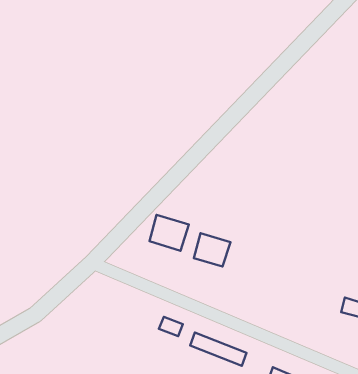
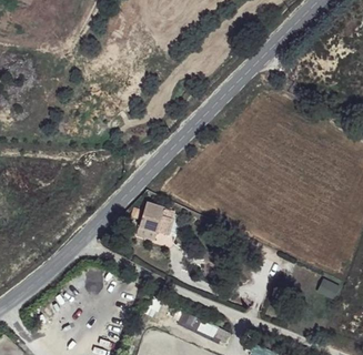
building: [194,233,230,266] -> none

